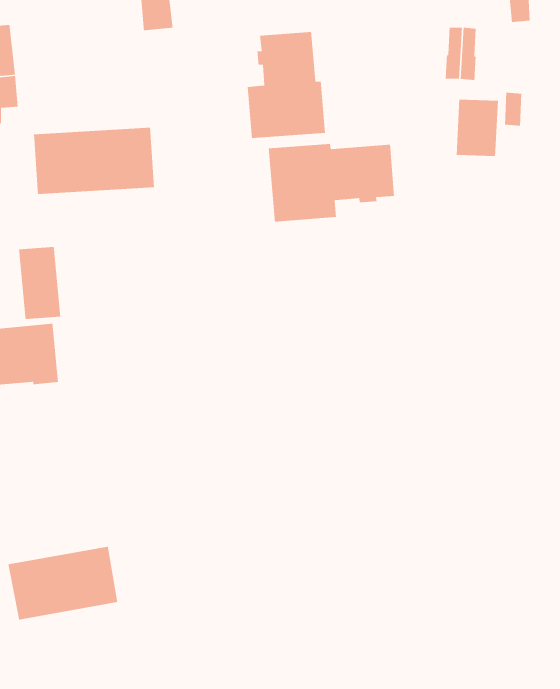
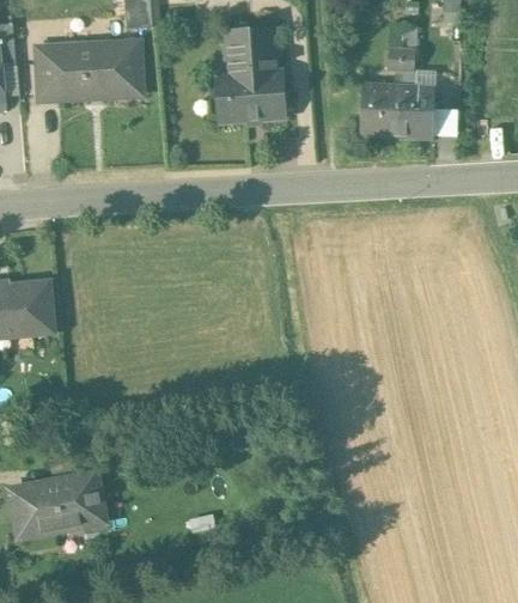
building: none -> [359,86,398,136]
building: [33,127,155,195] -> [36,42,141,100]
building: [268,143,395,222] -> none
building: [18,246,61,320] -> none

